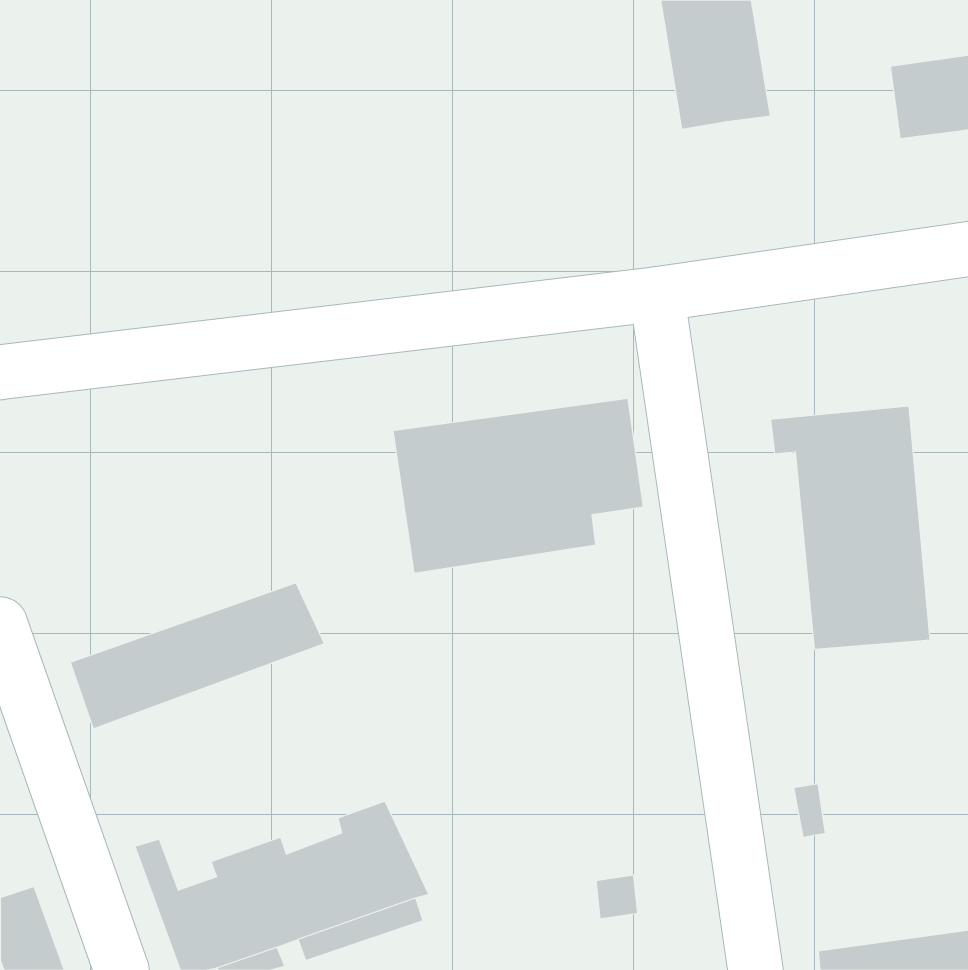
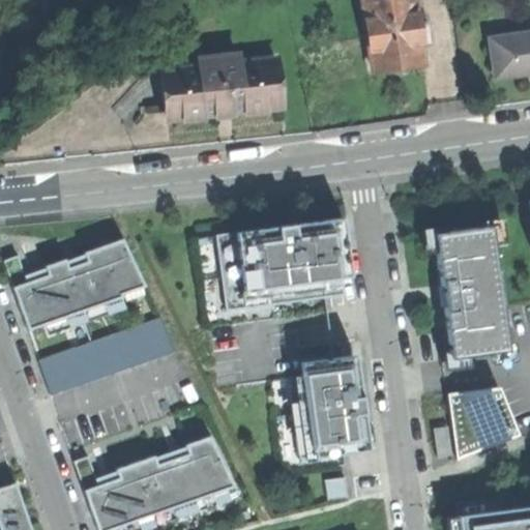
building: none -> [164,52,282,118]
building: none -> [8,233,148,337]
building: none -> [290,356,371,461]
building: none -> [448,387,520,461]

